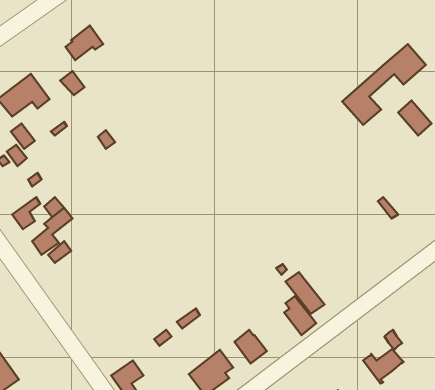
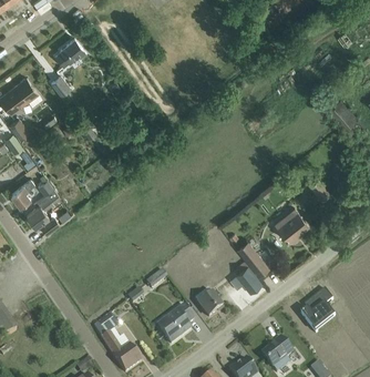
building: [342,44,426,125] -> none
building: none -> [277,208,309,244]

